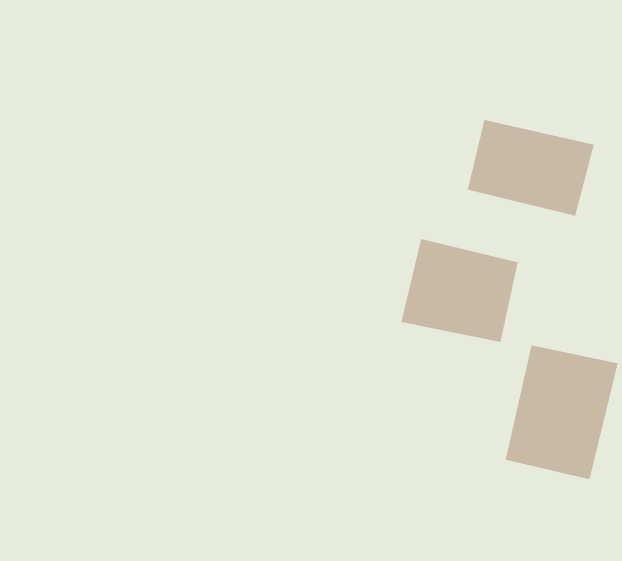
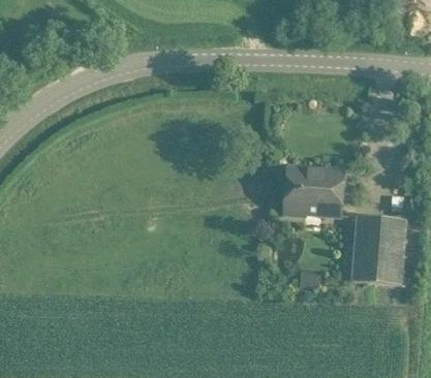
building: [467,119,594,216] -> none

